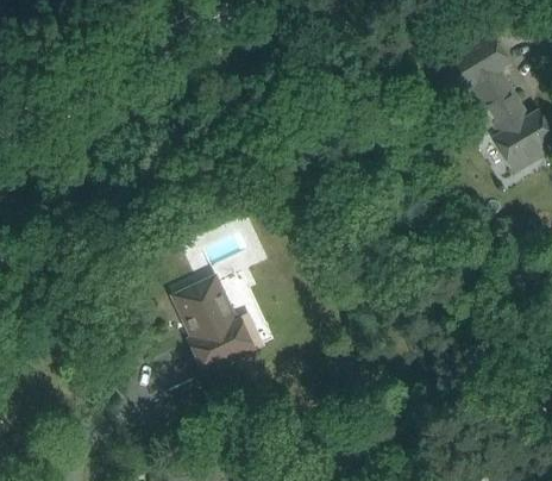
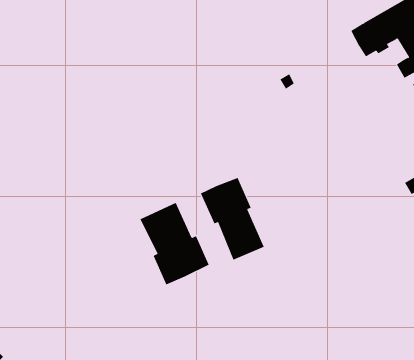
building: none -> [200,177,265,260]

